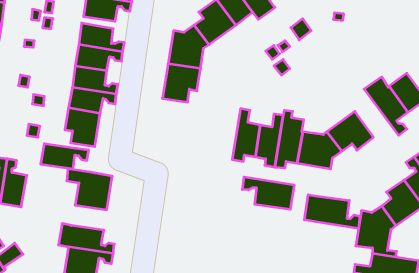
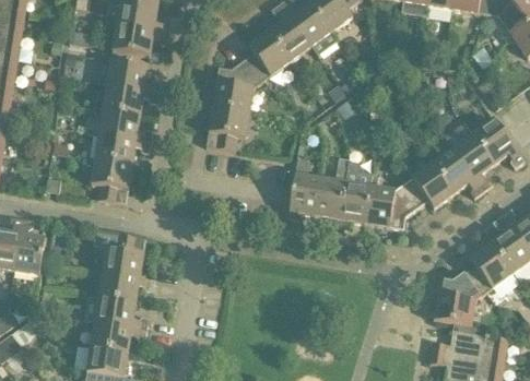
building: none -> [432,148,483,198]
building: [41,144,89,169] -> [98,273,155,302]
building: [242,177,294,209] -> none
building: [304,195,360,228] -> none

